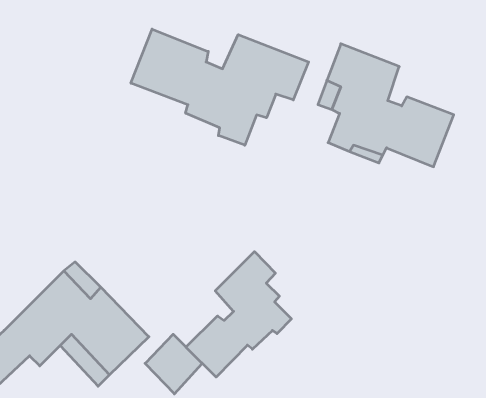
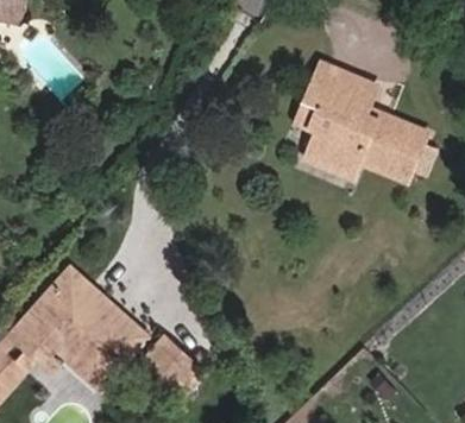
building: [131,29,309,145] -> none
building: [186,252,291,377] -> none

